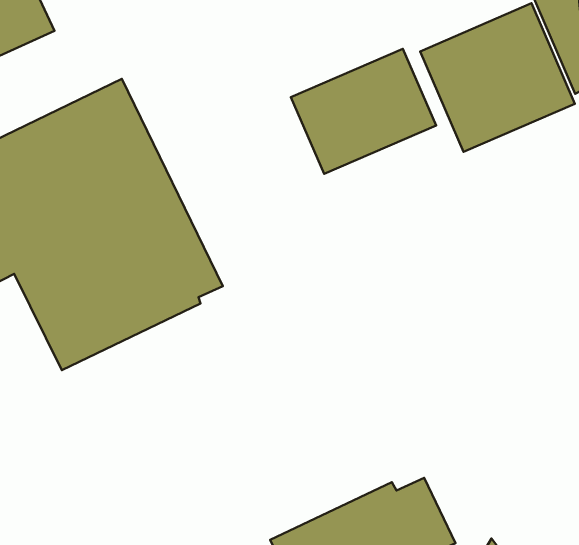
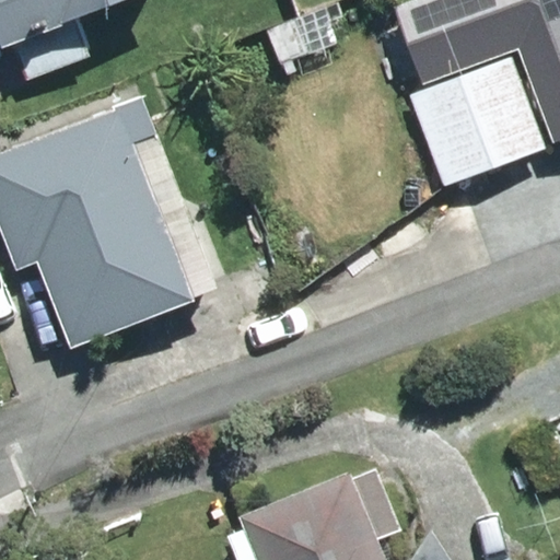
building: [291,49,436,174] -> none

